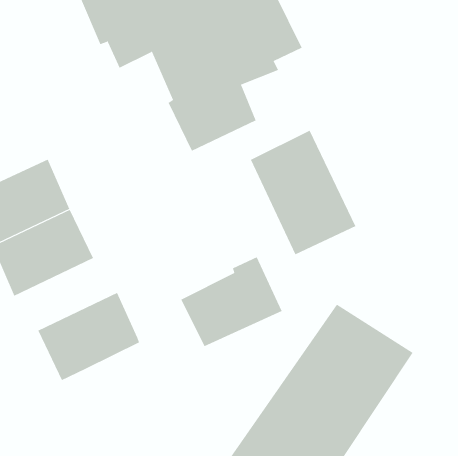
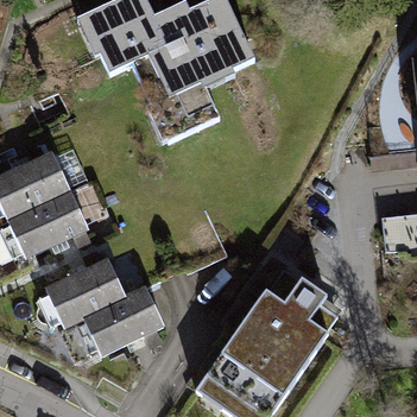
building: [250,130,356,255] -> none
building: [180,256,282,347] -> [82,283,164,355]

